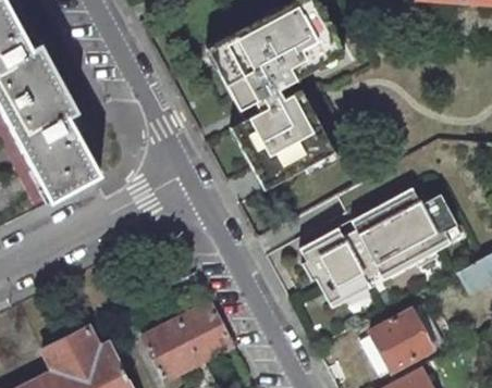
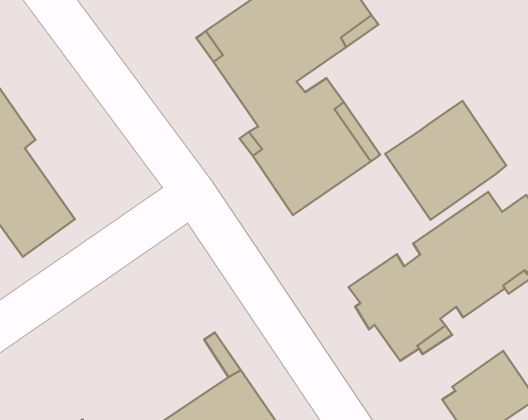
building: none -> [385,101,506,220]

